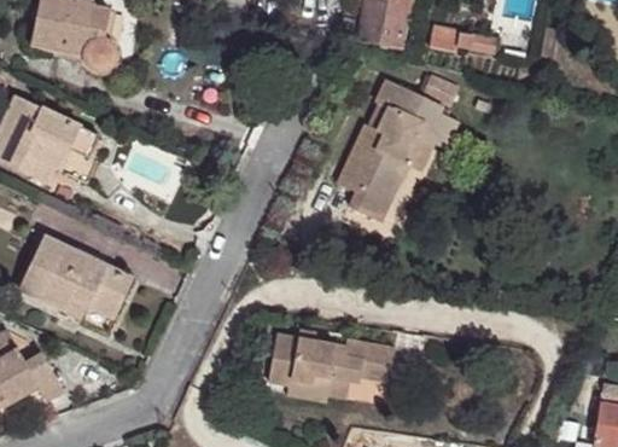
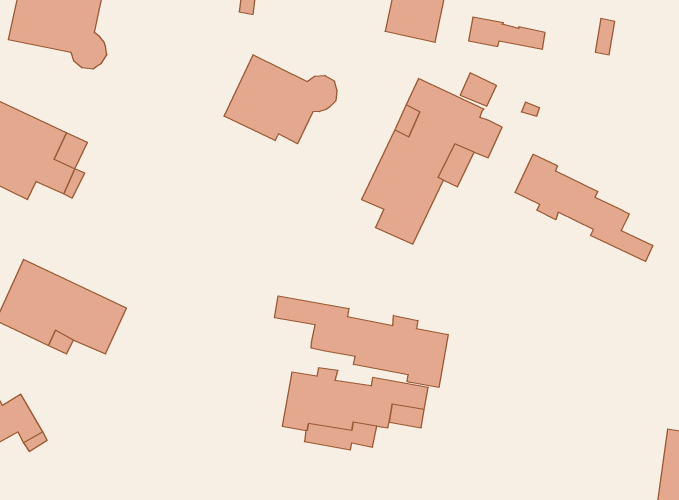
building: none -> [224,55,337,144]
building: none -> [515,154,653,261]
building: none -> [275,296,448,387]

